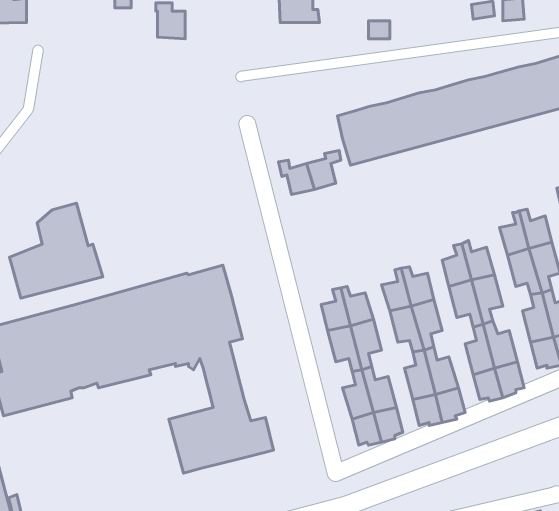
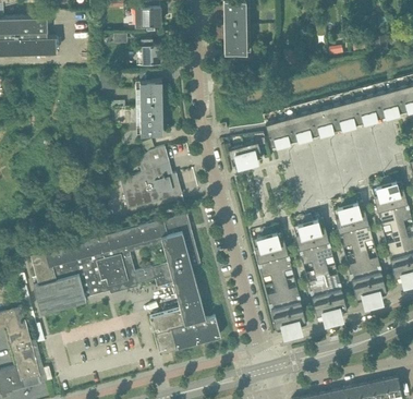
building: none -> [135,81,162,134]
building: [9,203,103,298] -> [120,146,182,209]

